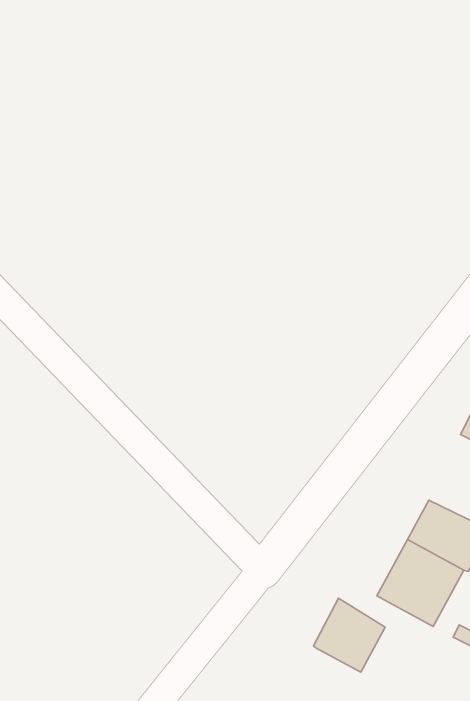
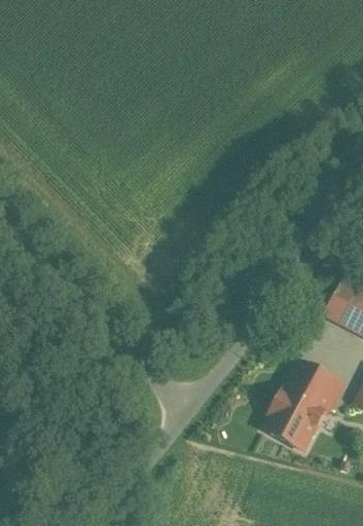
building: [313,598,385,672] -> none

